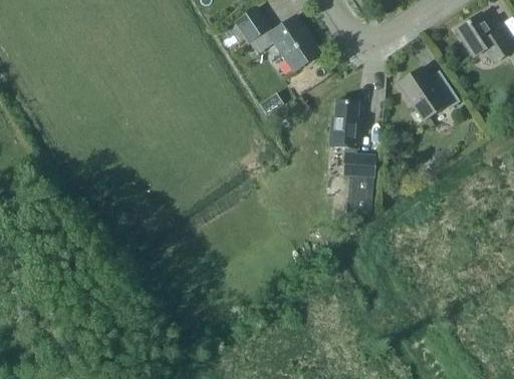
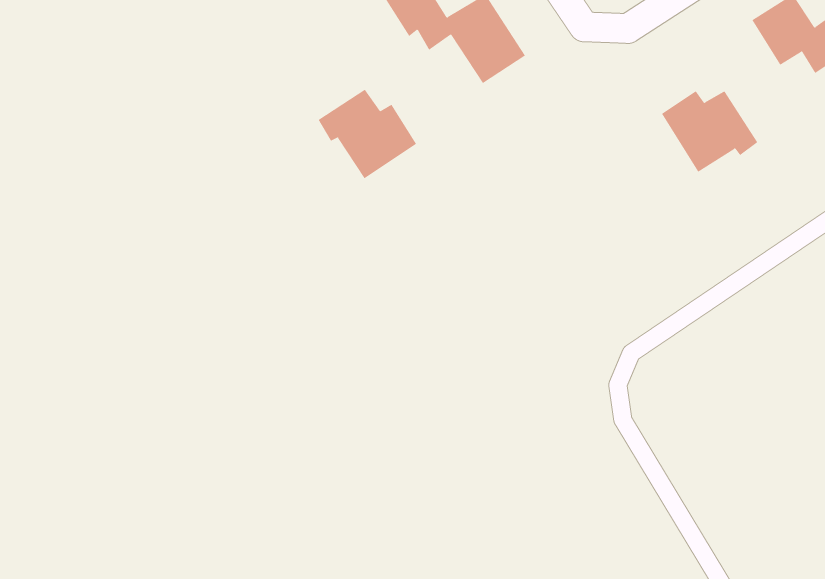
building: none -> [318,89,417,179]
building: [329,100,375,214] -> none

